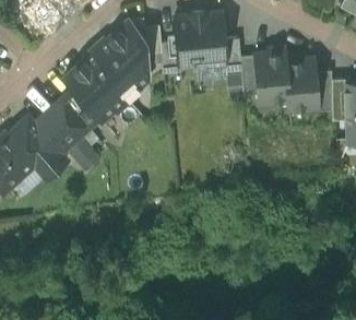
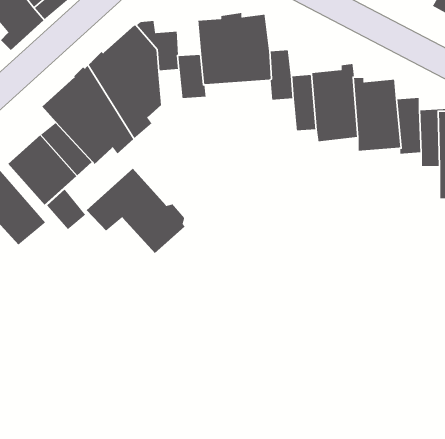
building: none -> [86,168,186,254]

